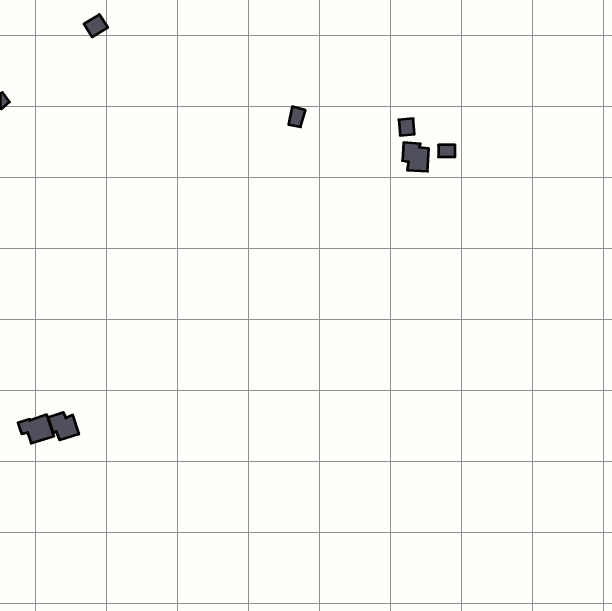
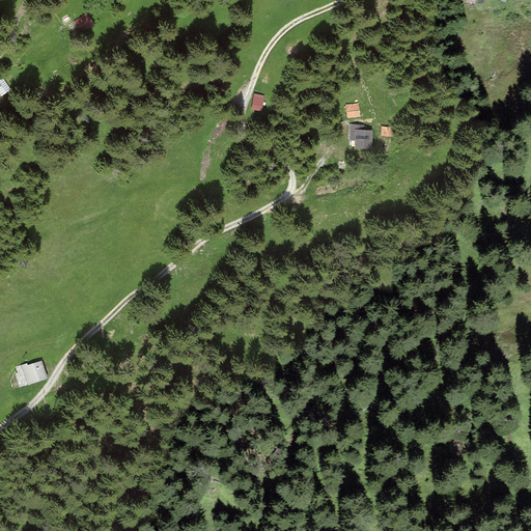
building: [48,412,79,440] -> none

